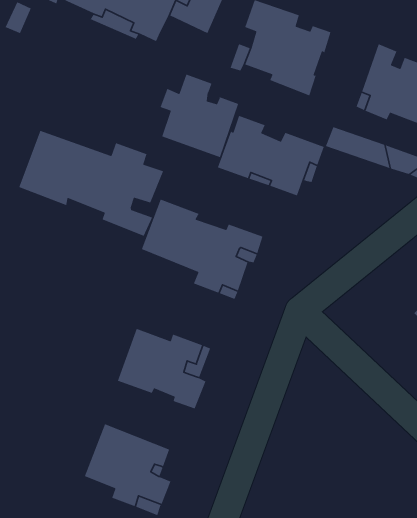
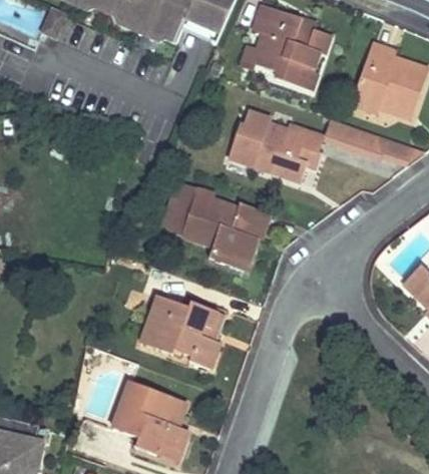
building: [160,73,239,158] -> none
building: [18,130,164,237] -> none

